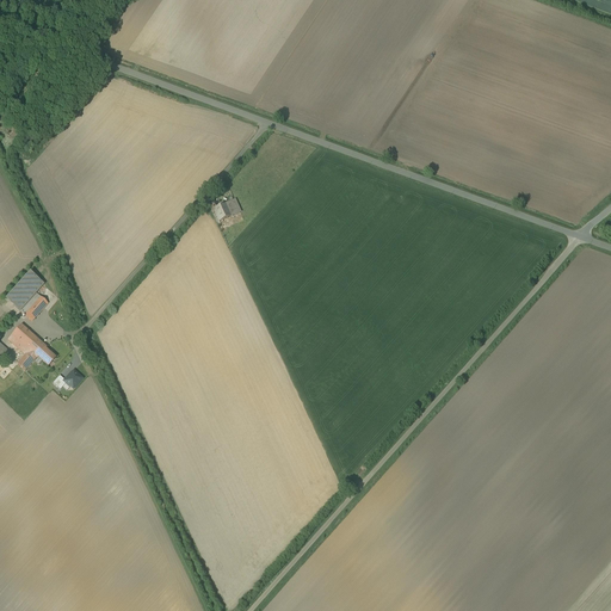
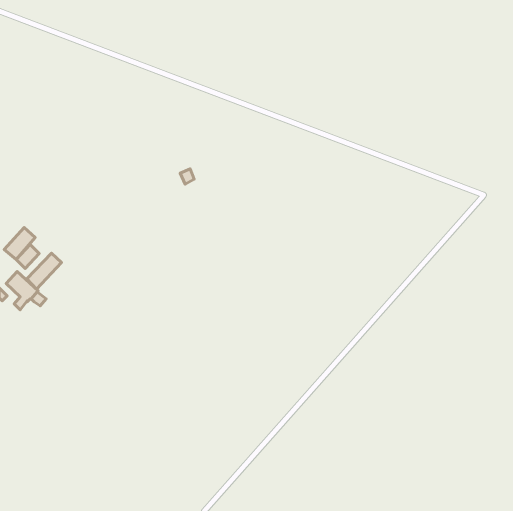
building: none -> [27,253,62,289]

